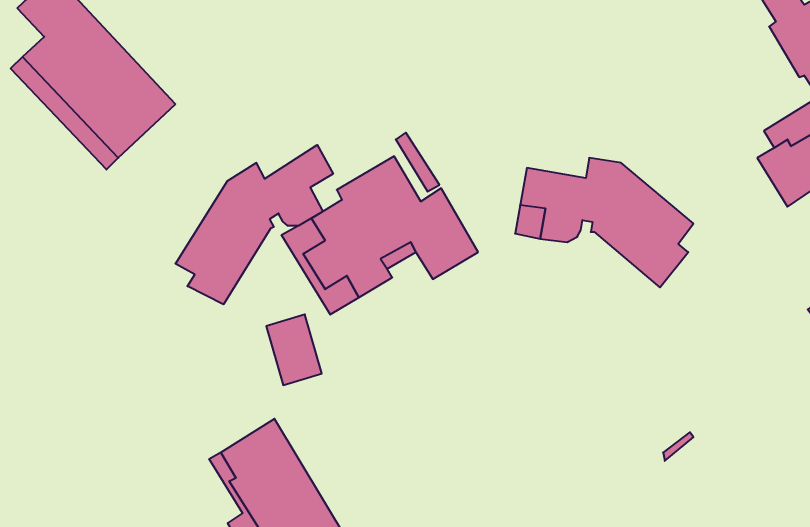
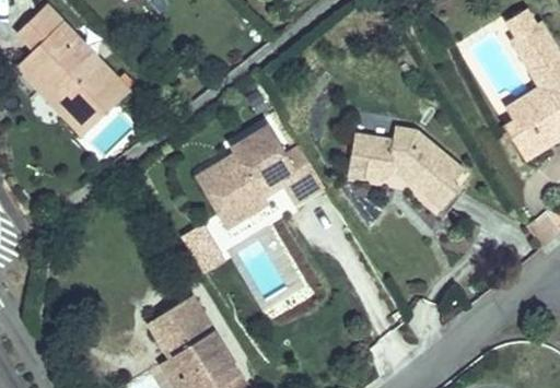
building: [175,145,333,304] -> none

